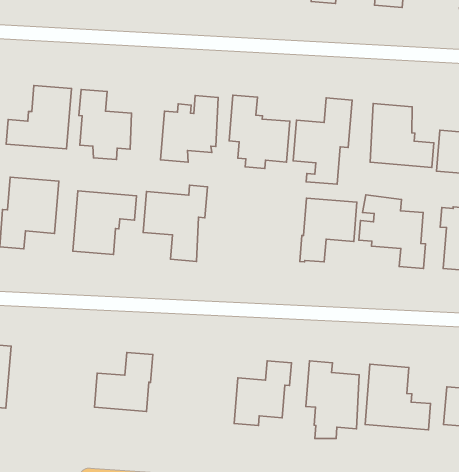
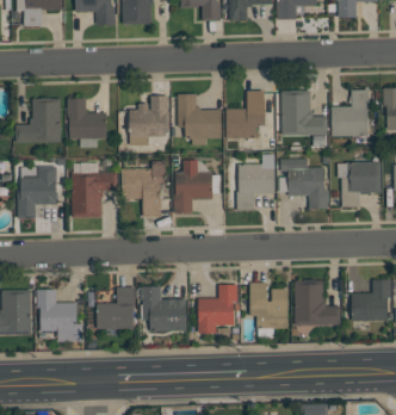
building: none -> [173,160,219,213]
building: none -> [36,290,82,342]
building: none -> [141,286,185,332]

